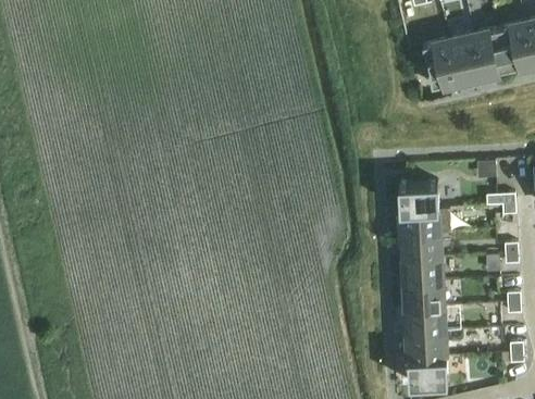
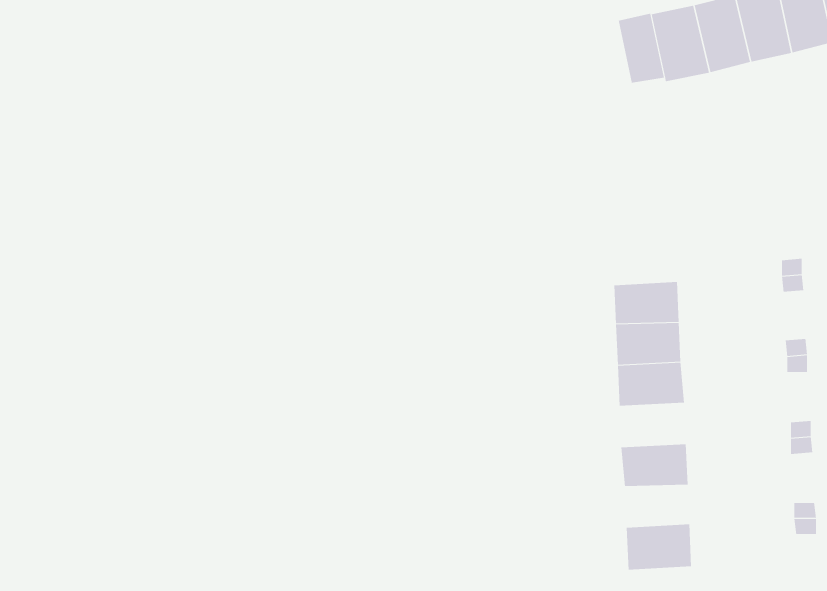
building: none -> [618,13,664,84]
building: [398,183,439,211] -> none
building: [403,283,445,310] -> none
building: [407,333,447,359] -> none

